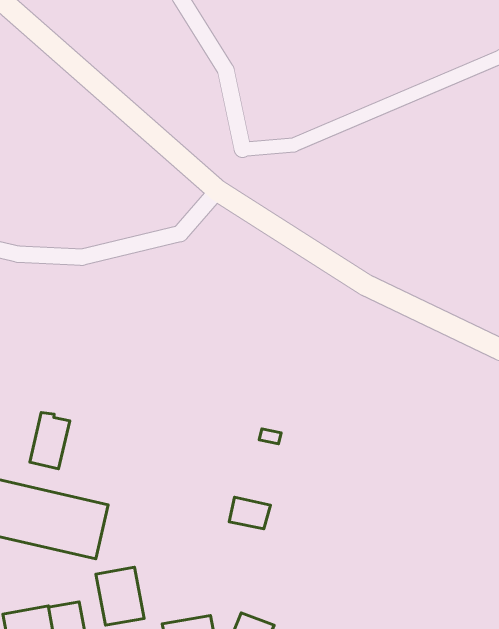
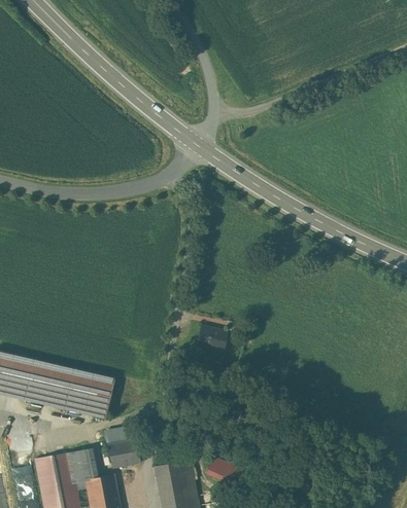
building: [30,412,70,469] -> none
building: [229,497,271,529] -> [197,327,228,351]

